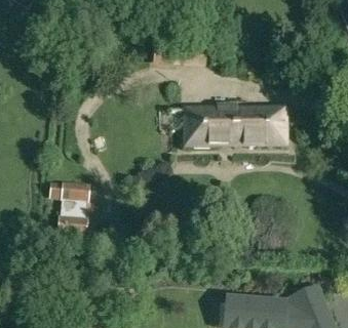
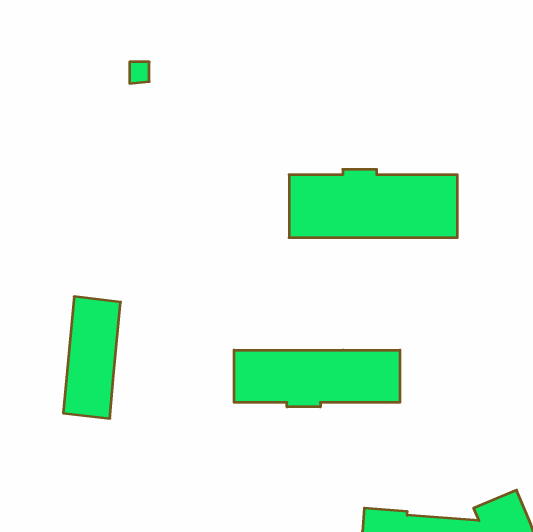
building: none -> [234,350,400,407]

